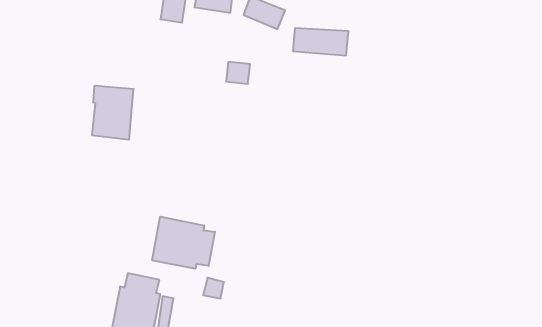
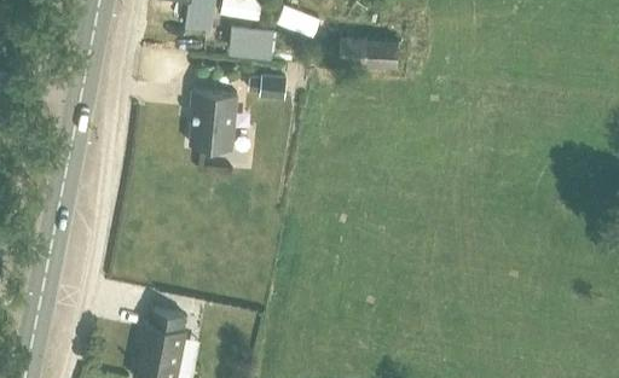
building: none -> [231,28,273,58]
building: [92,86,134,140] -> [191,91,237,150]
building: [152,217,215,269] -> none

